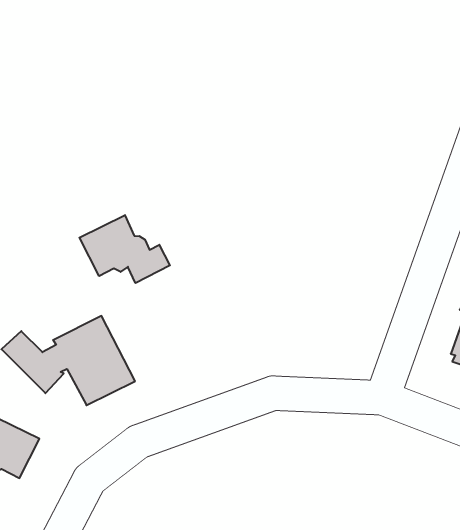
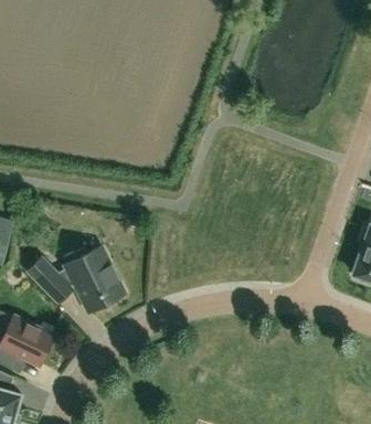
building: [79,215,170,283] -> none

